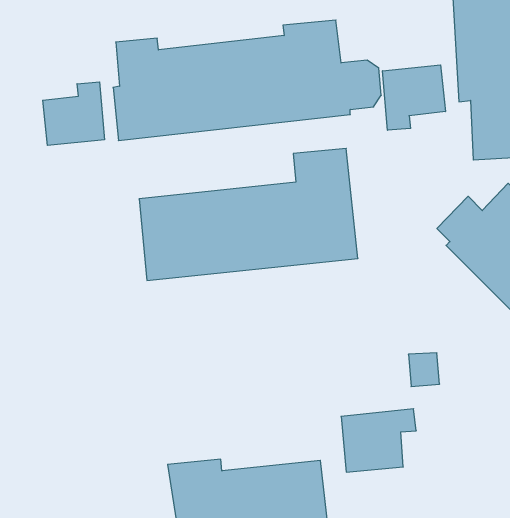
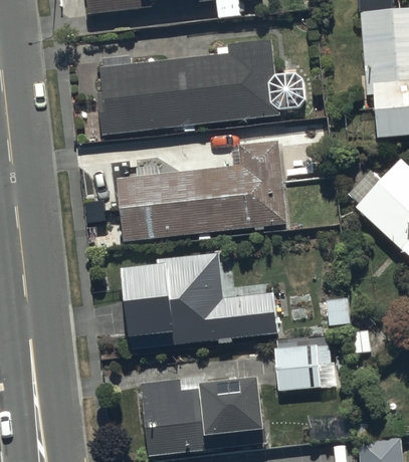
building: [383,65,445,130] -> none
building: [43,82,104,145] -> none
building: none -> [122,252,279,353]

